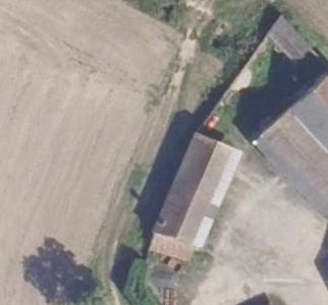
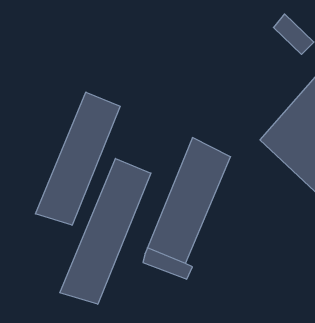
building: none -> [35,92,120,225]
building: none -> [60,158,151,304]

